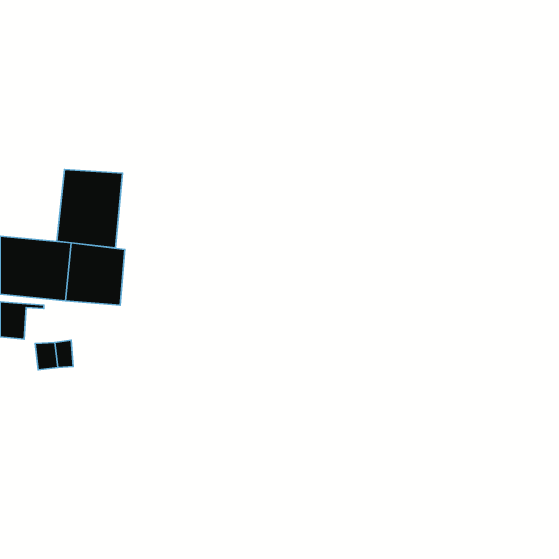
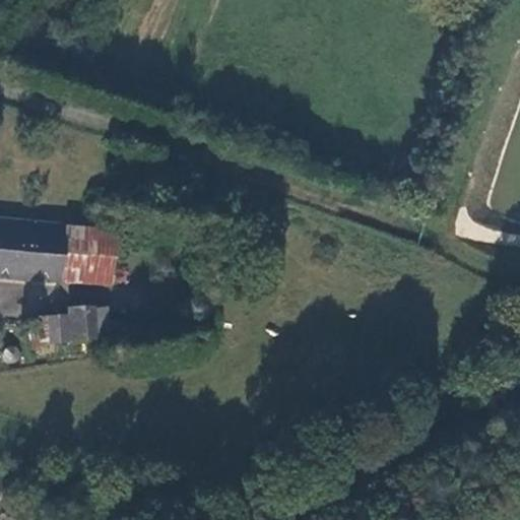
building: [57,170,122,248] -> none
building: none -> [66,307,96,340]

